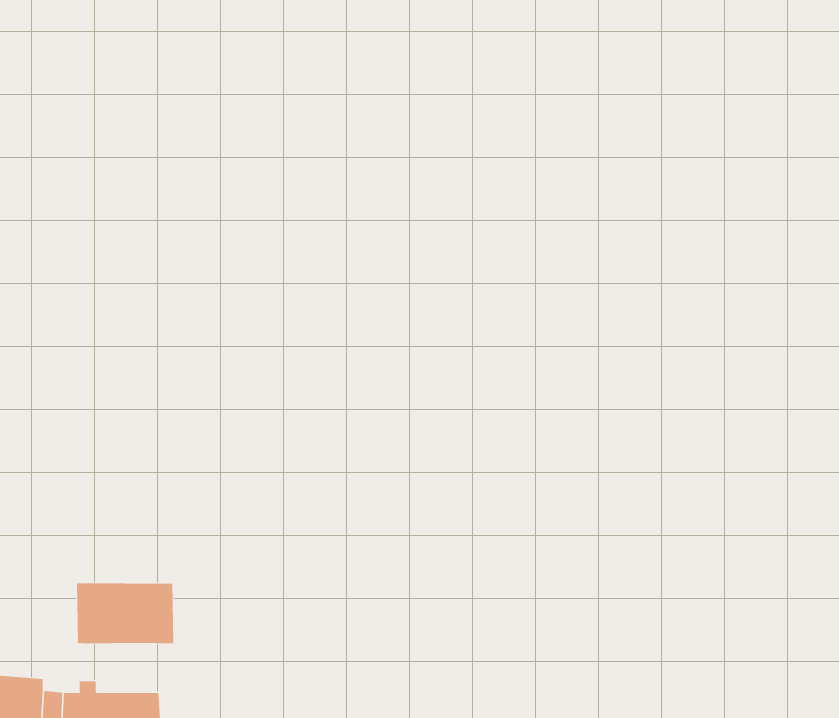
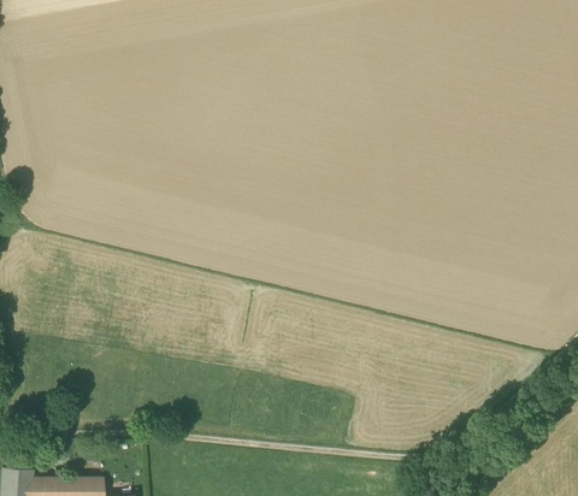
building: [77,582,174,644] -> none

